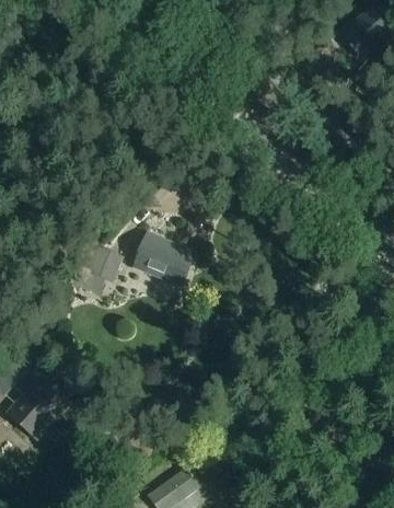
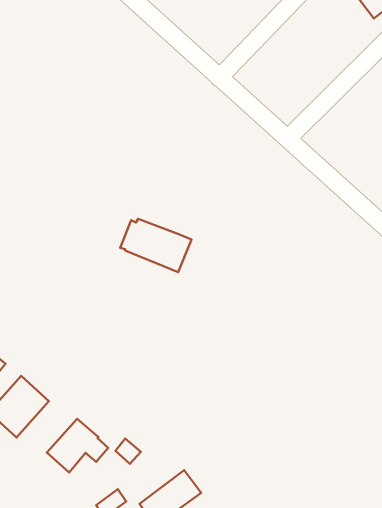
building: [82,247,118,284] -> none
building: none -> [47,419,108,472]

